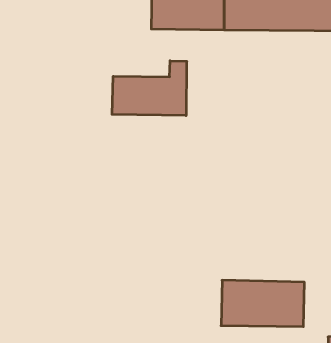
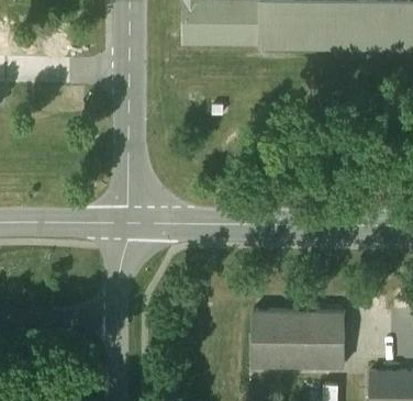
building: [112,61,187,116] -> none

